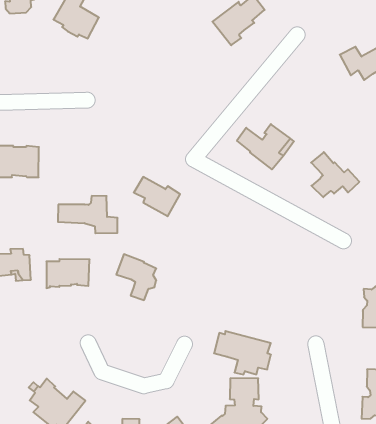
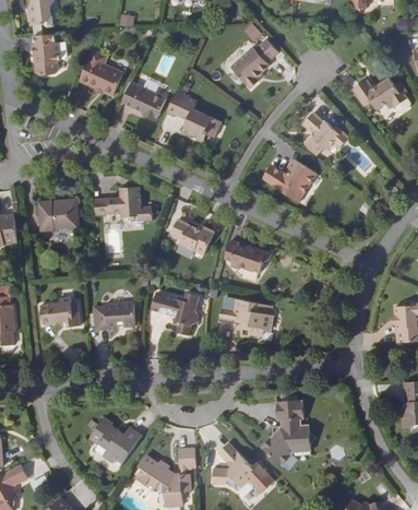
building: none -> [122,82,166,120]
building: none -> [166,87,222,141]
building: [311,152,359,197] -> [302,111,349,154]
building: [58,196,118,233] -> [95,186,153,222]
building: none -> [224,239,271,273]
building: [214,331,271,374] -> [219,297,273,336]

